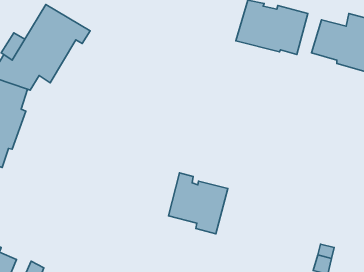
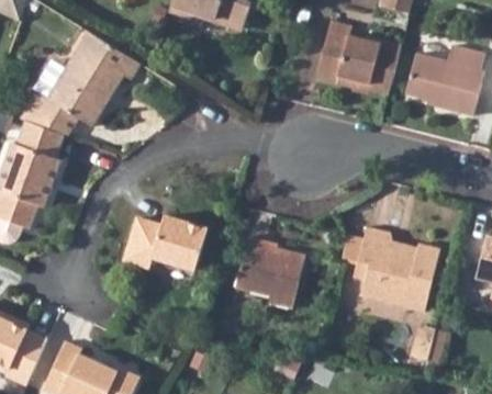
building: none -> [123,216,205,270]
building: none -> [340,229,438,312]

